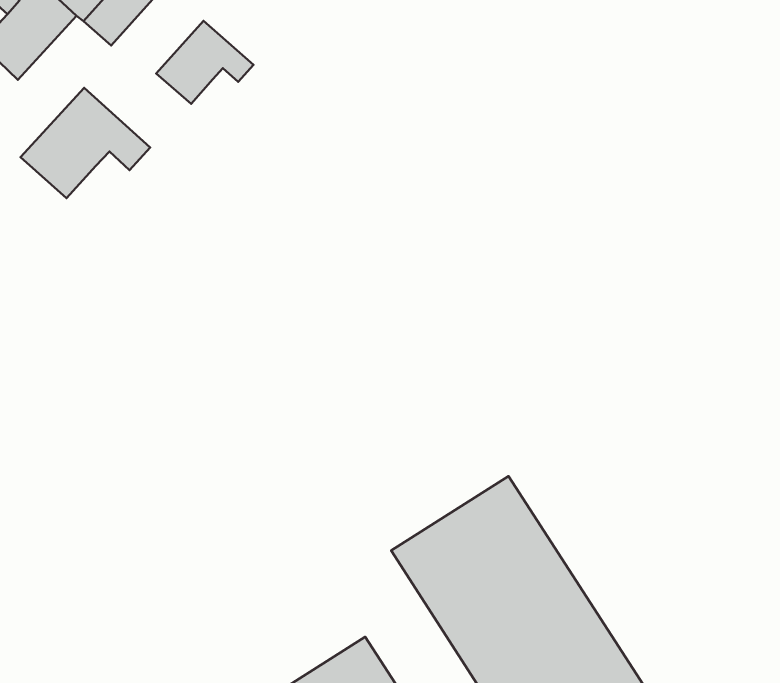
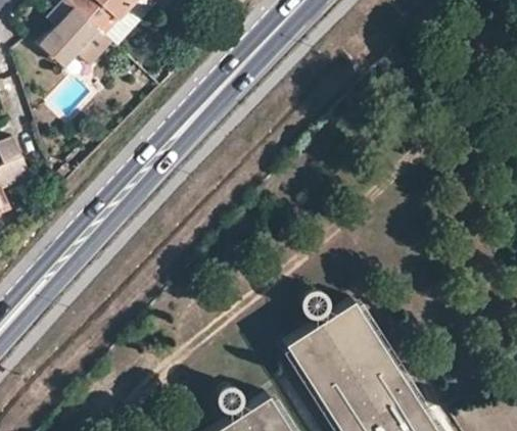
building: [156,21,253,104] -> none
building: [20,88,150,198] -> none

